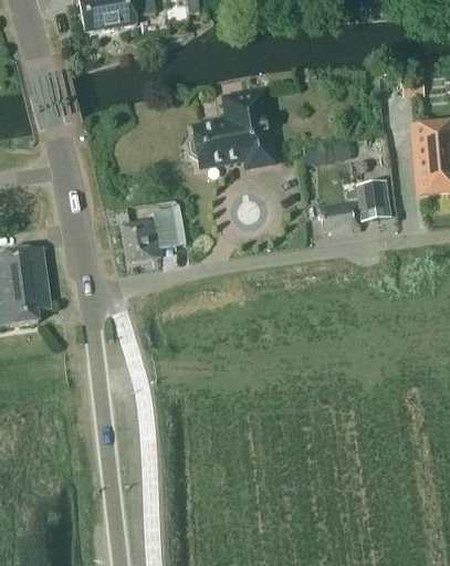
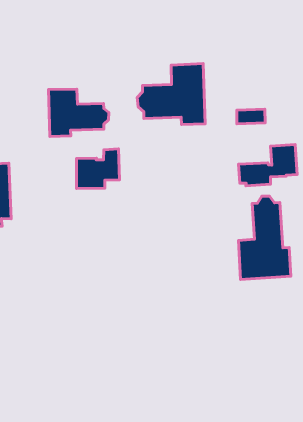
building: none -> [48,89,109,136]
building: none -> [239,196,291,280]

